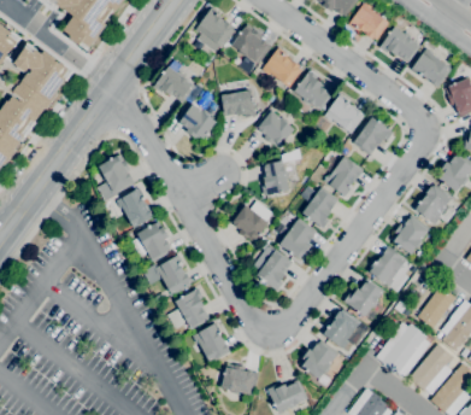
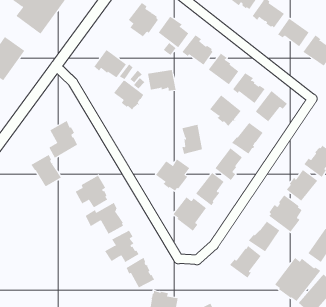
building: [255,109,295,148] -> [209,95,241,127]
building: [117,187,155,228] -> [30,154,62,187]
building: [300,339,340,379] -> none

